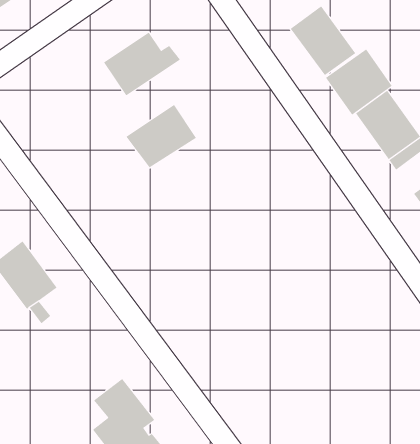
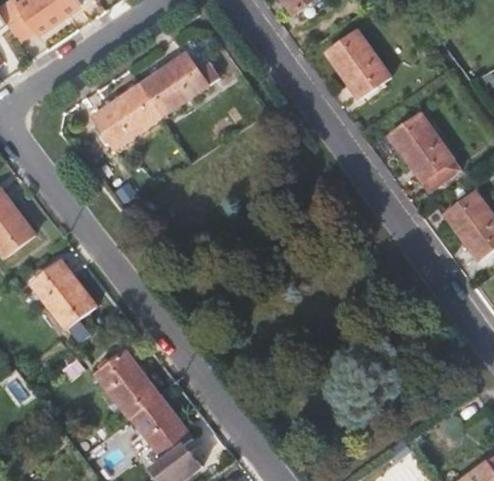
building: [325,48,392,115] -> none
building: [126,104,197,168] -> [93,85,163,148]
building: none -> [96,350,160,417]

